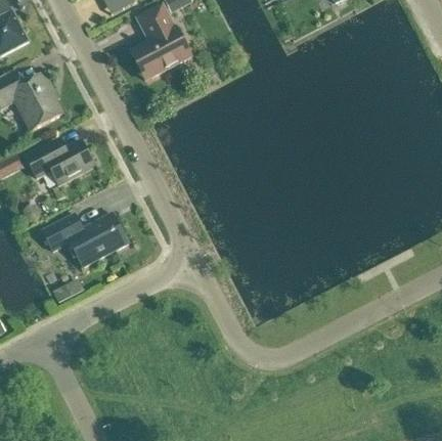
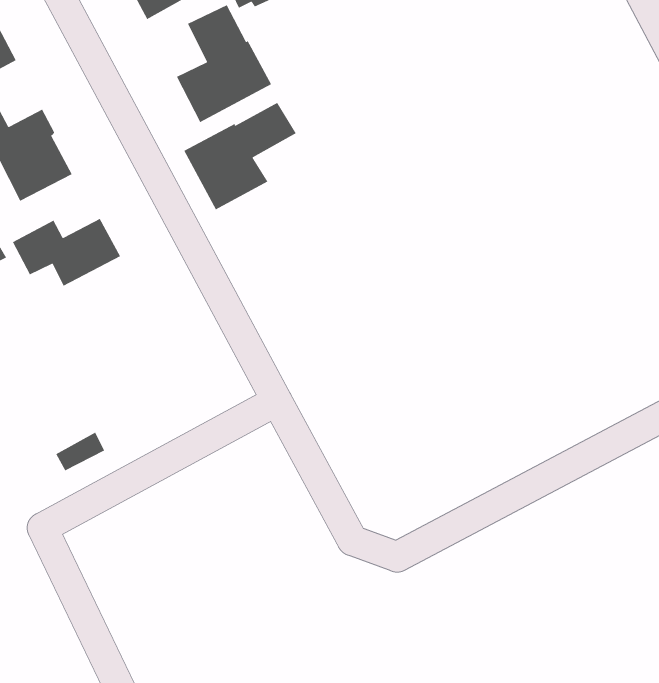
building: none -> [183,102,297,211]
building: [41,212,127,266] -> none

